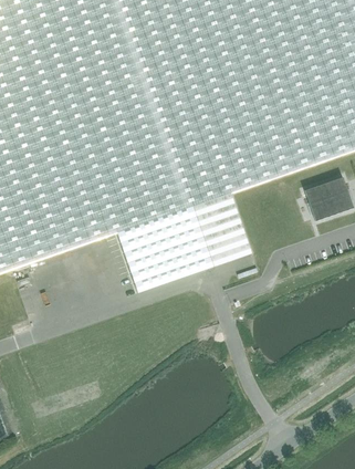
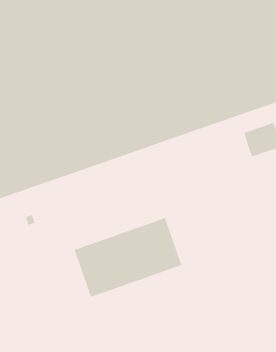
building: [116,192,251,292] -> [73,217,183,298]

